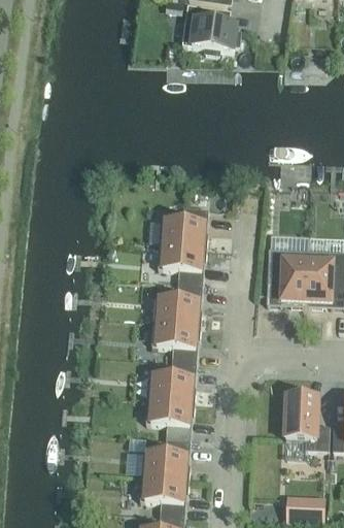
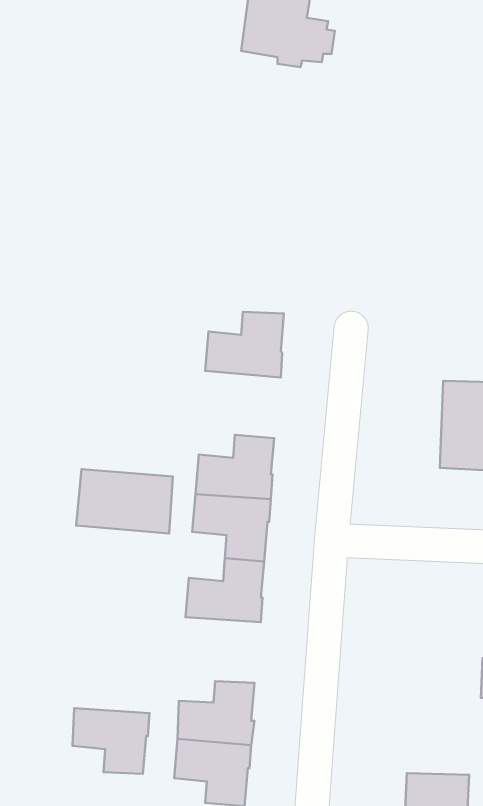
building: [158,243,207,286] -> none
building: [267,248,309,304] -> none
building: none -> [76,469,173,533]
building: [285,393,330,449] -> none
building: [146,398,195,439] -> [72,708,150,774]

